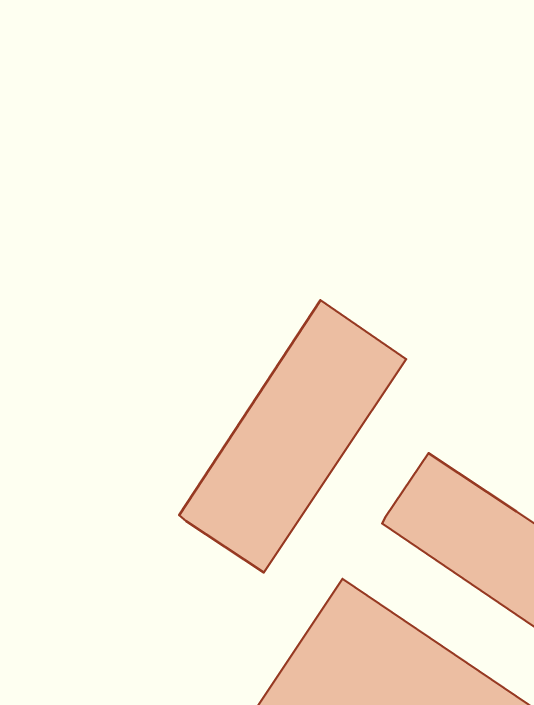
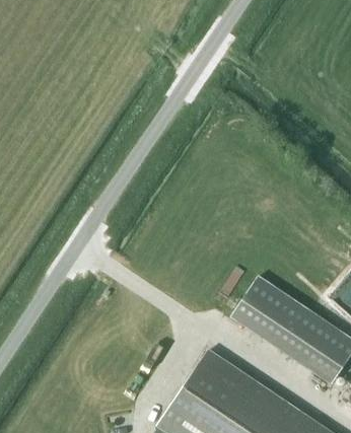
building: [179,300,406,572] -> none

